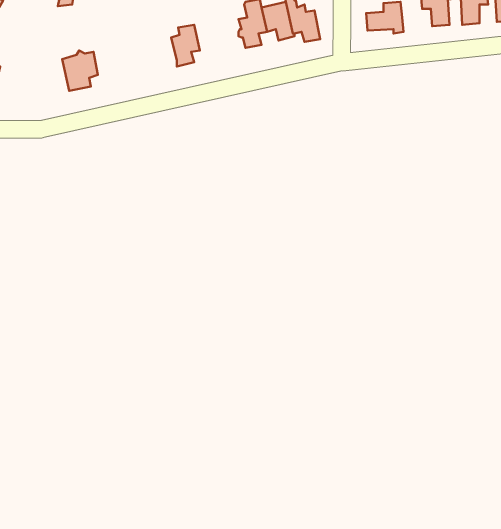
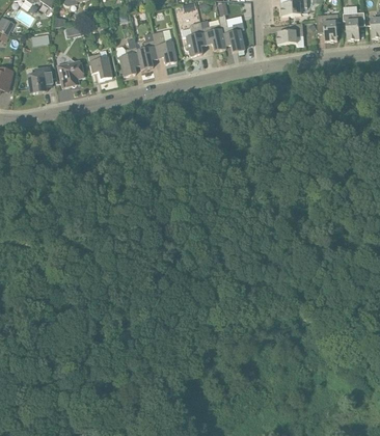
building: none -> [151,30,177,64]
building: none -> [119,37,140,76]
building: none -> [87,52,112,79]
building: none -> [27,65,52,93]

